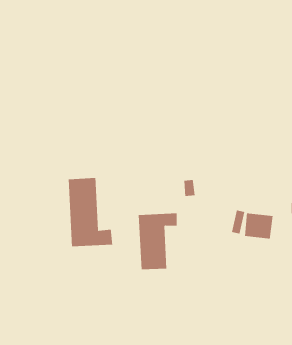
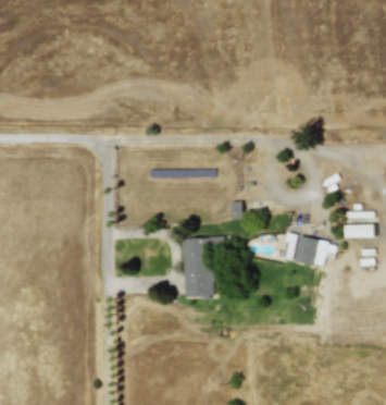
building: [68,177,113,247] -> none

